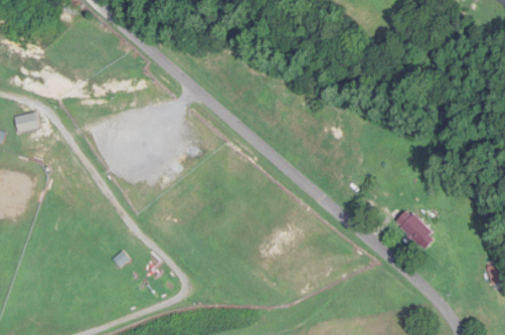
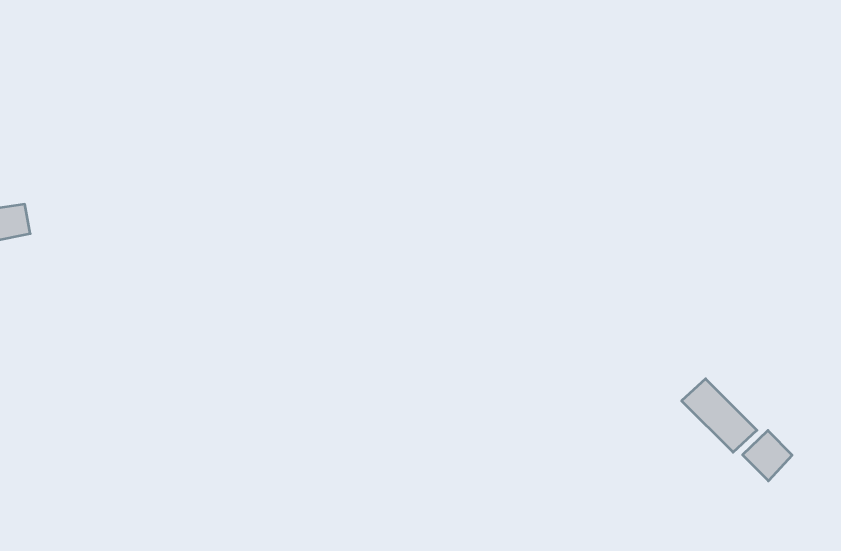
building: none -> [743,430,792,481]

